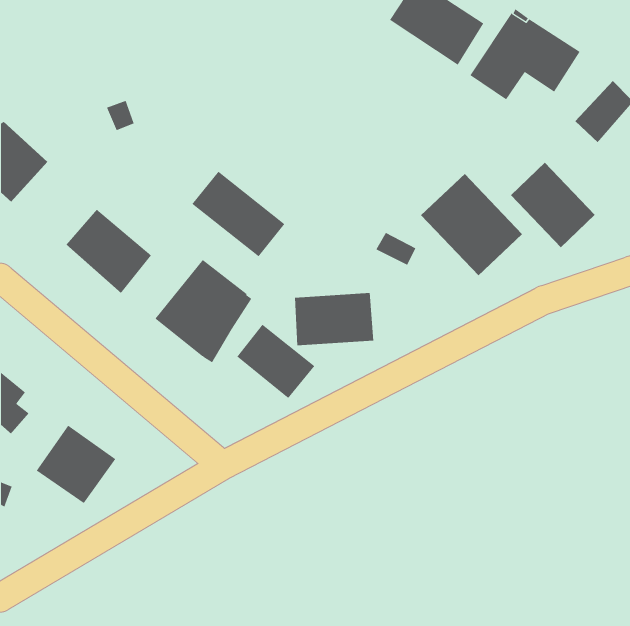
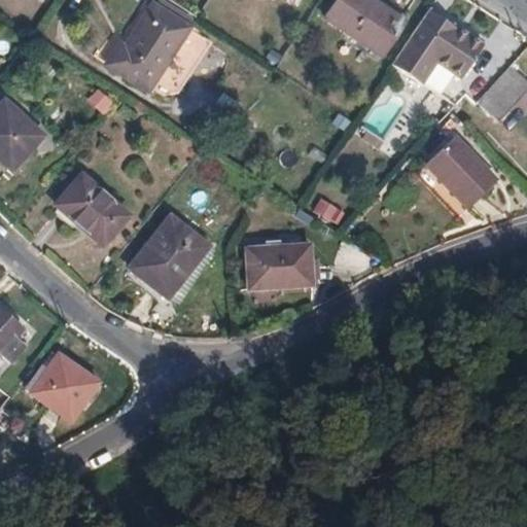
building: none -> [107,4,209,90]
building: [192,171,285,257] -> none
building: [420,173,523,276] -> none
building: [237,324,315,399] -> none

